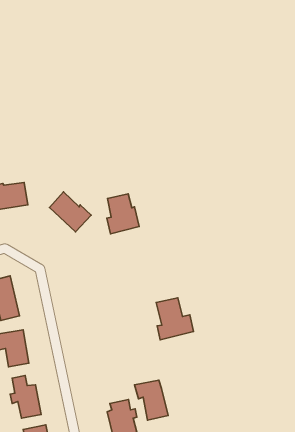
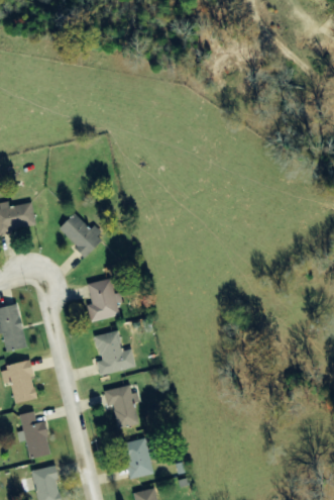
building: [107,194,139,234] -> [87,278,122,321]
building: [156,298,194,340] -> [95,330,135,376]
building: [135,380,168,420] -> [103,385,139,428]

